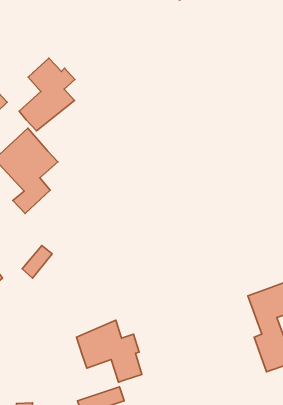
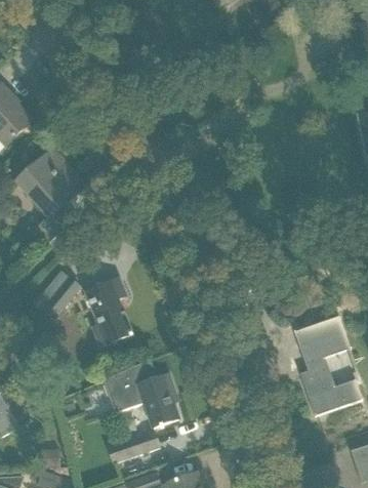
building: [19,58,75,131] -> none
building: none -> [84,277,131,347]

